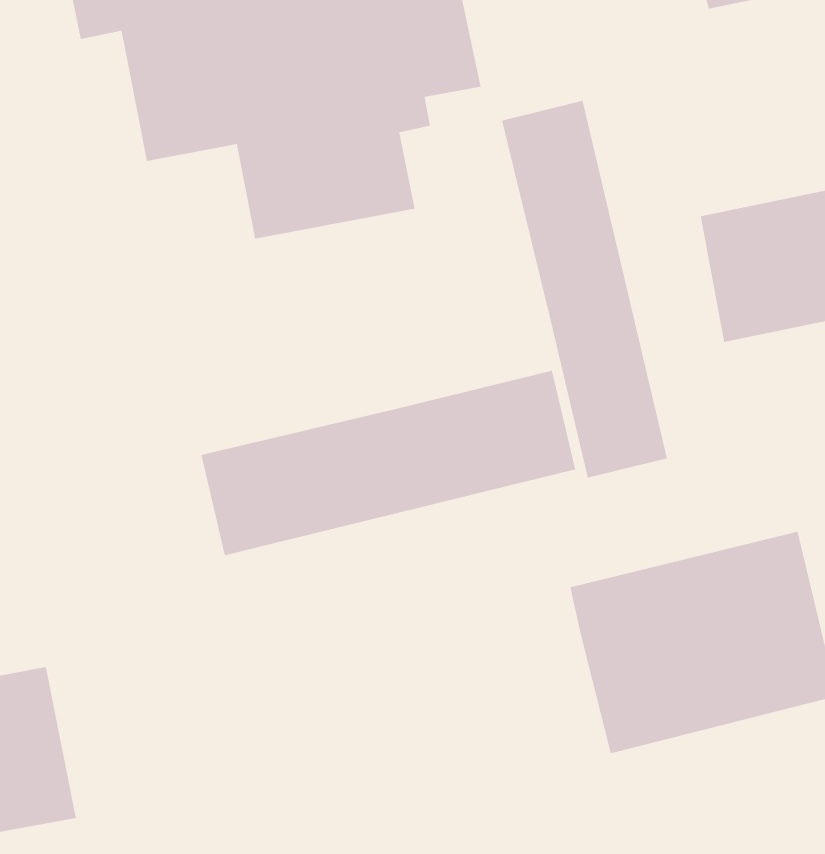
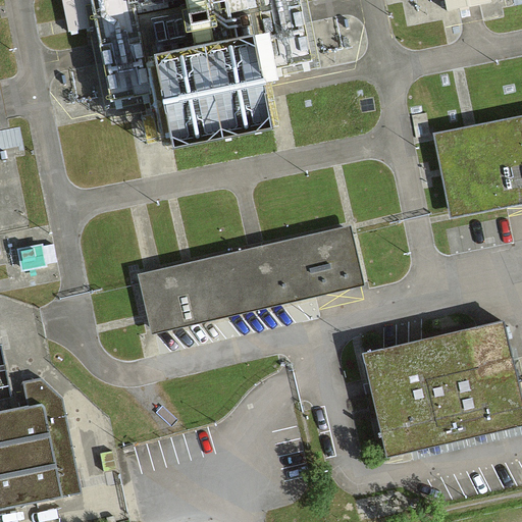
building: [501,100,668,478] -> none

